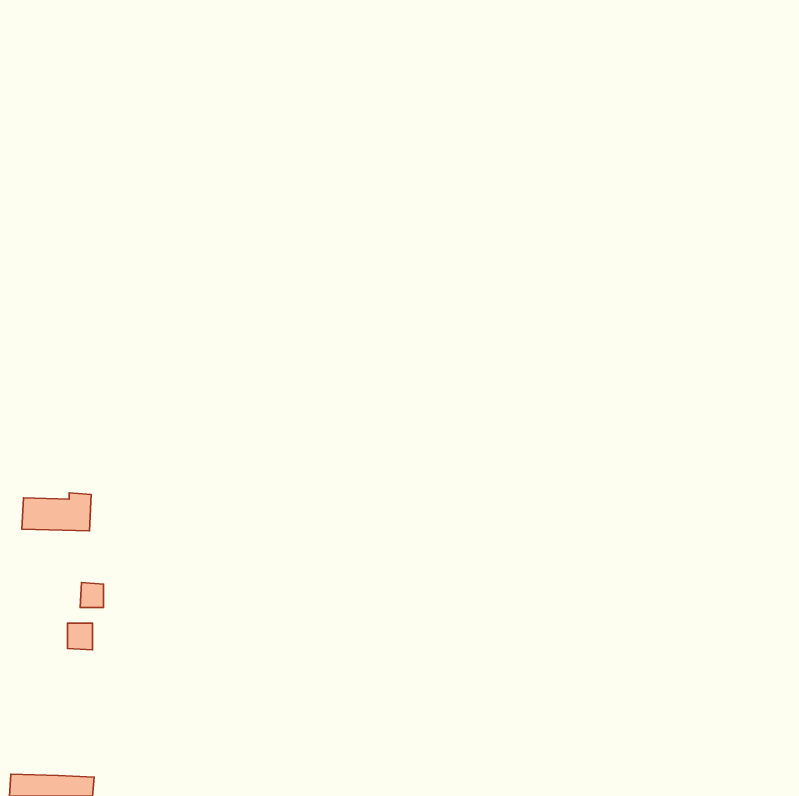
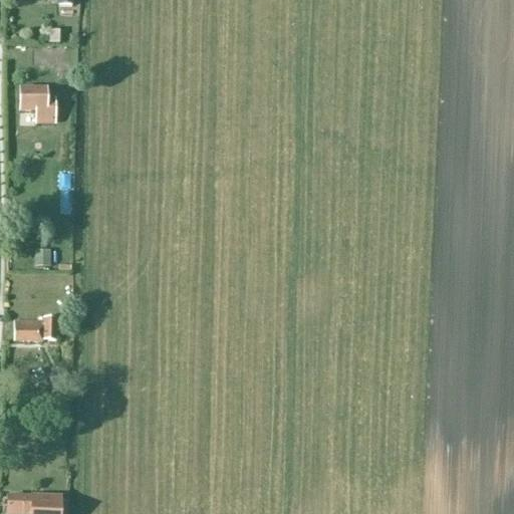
building: none -> [20,88,55,121]

